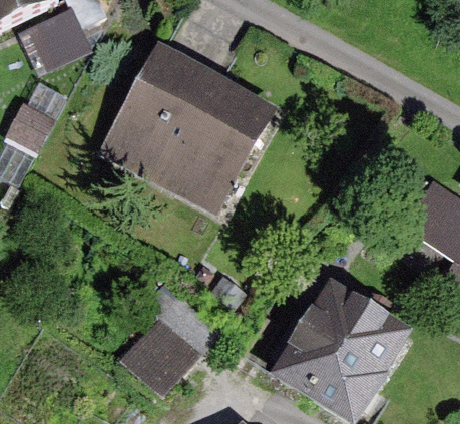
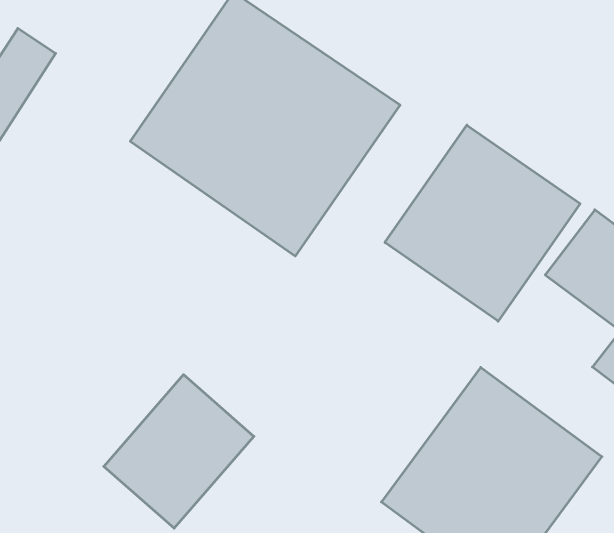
building: none -> [385,125,580,321]

